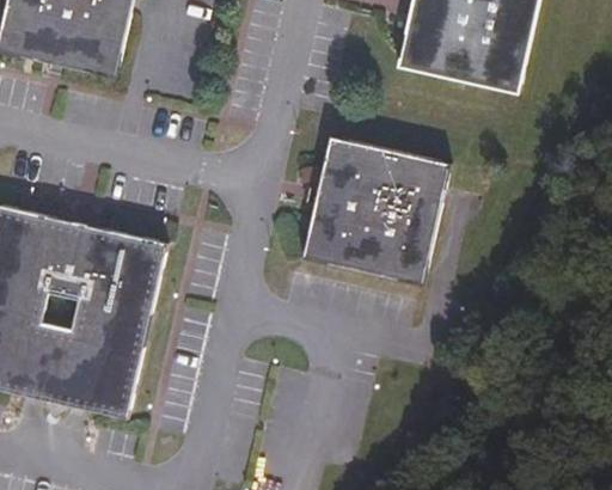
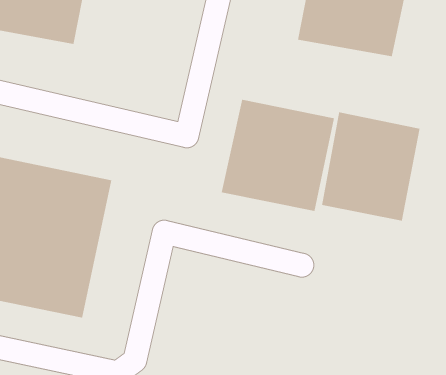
building: none -> [322,112,420,222]

